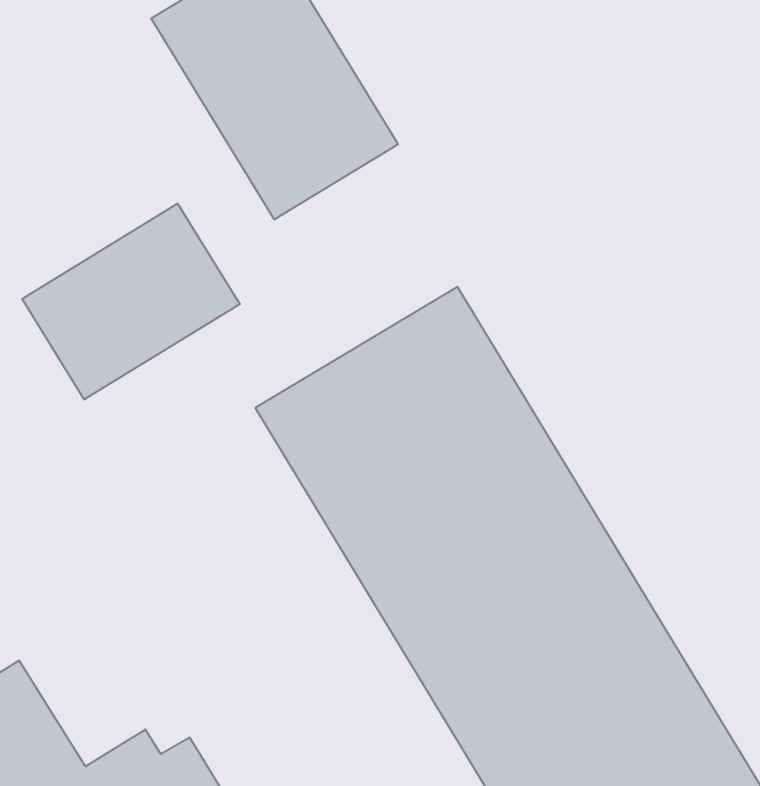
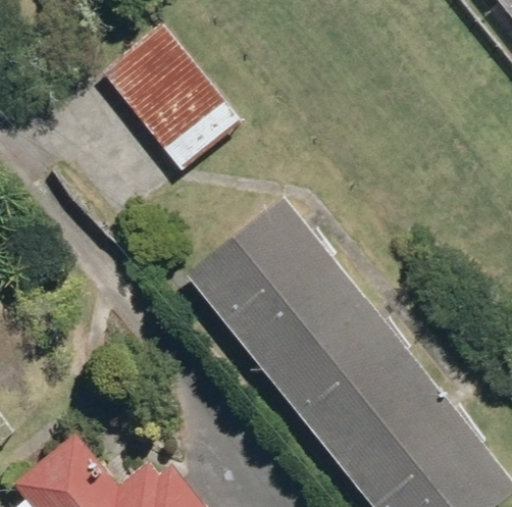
building: [22,204,240,400] -> none

